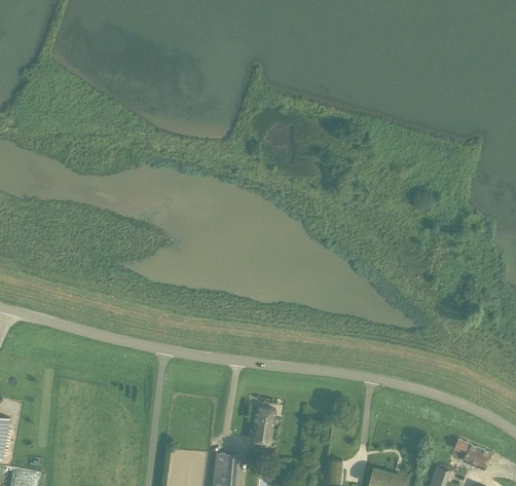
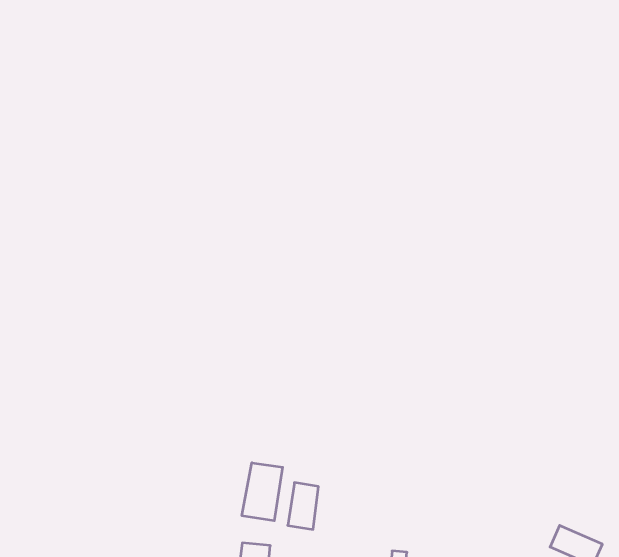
building: none -> [242,463,283,521]

